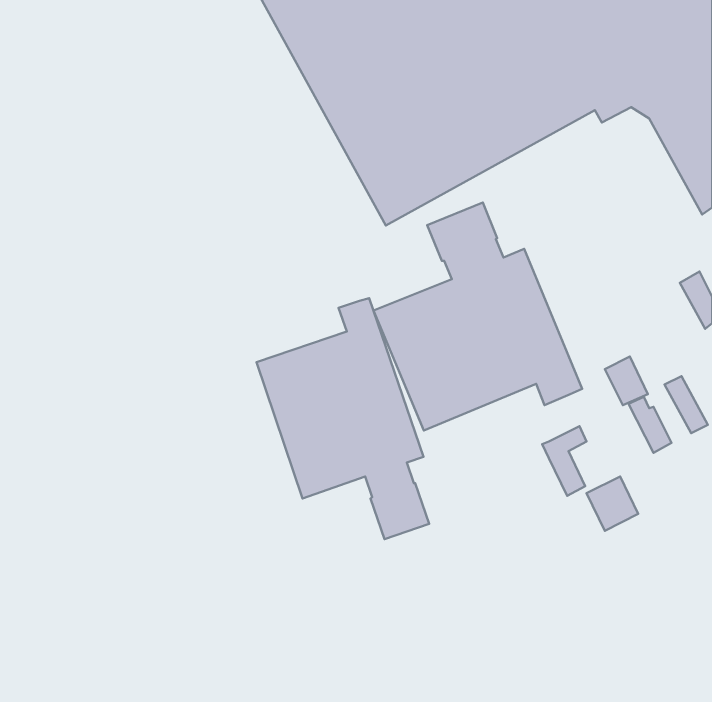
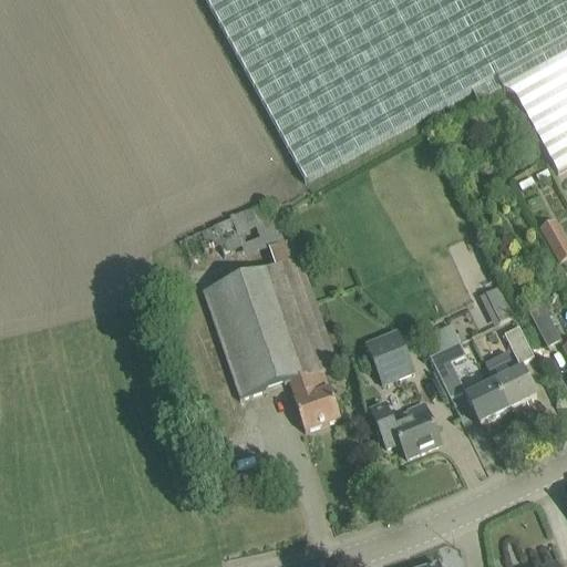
building: [374,202,582,430] -> none
building: none -> [368,330,413,380]
building: none -> [486,349,537,409]
building: none -> [371,401,442,455]

